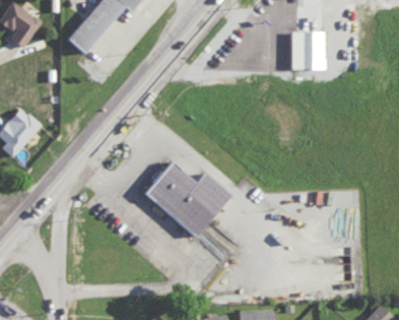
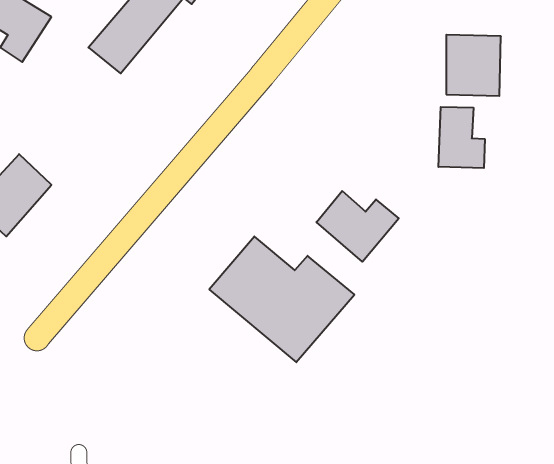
building: none -> [438,107,485,168]
building: none -> [316,191,399,262]

